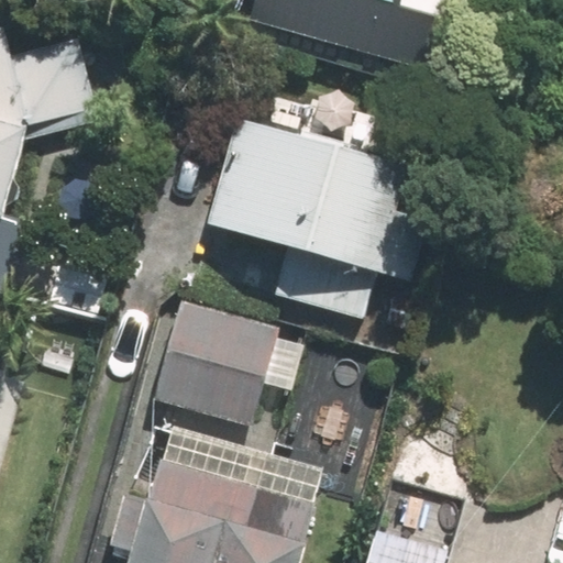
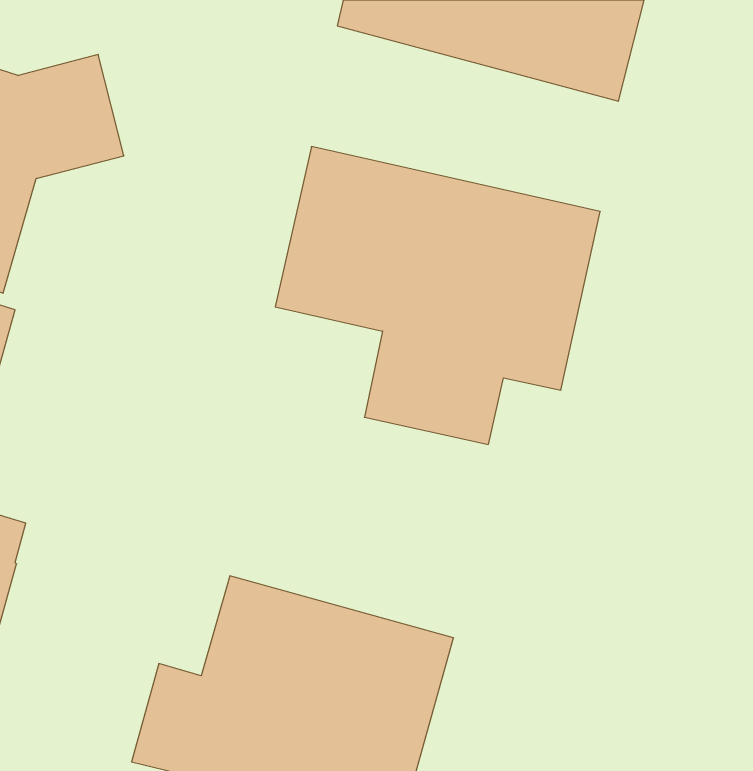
building: [147,299,305,426] -> none

